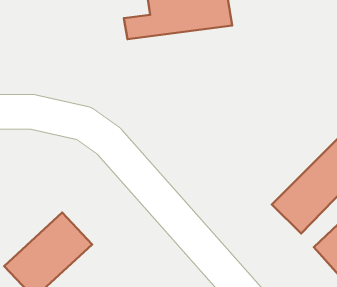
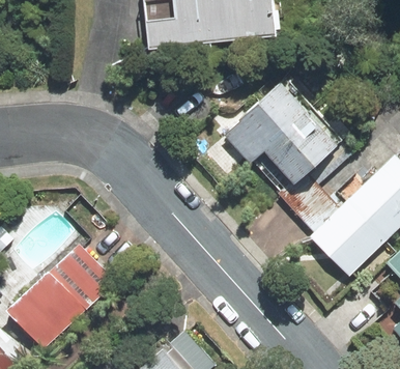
building: none -> [232,91,332,180]

